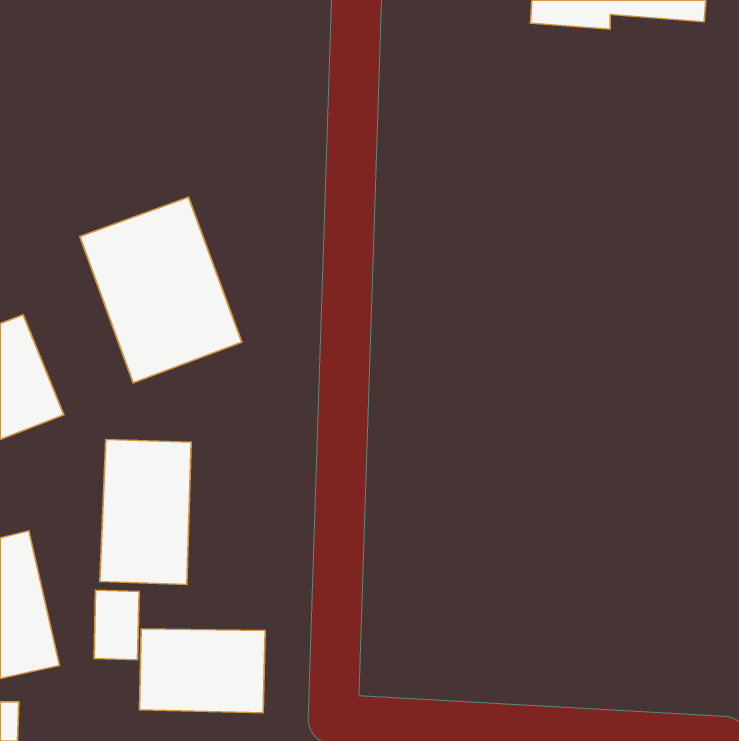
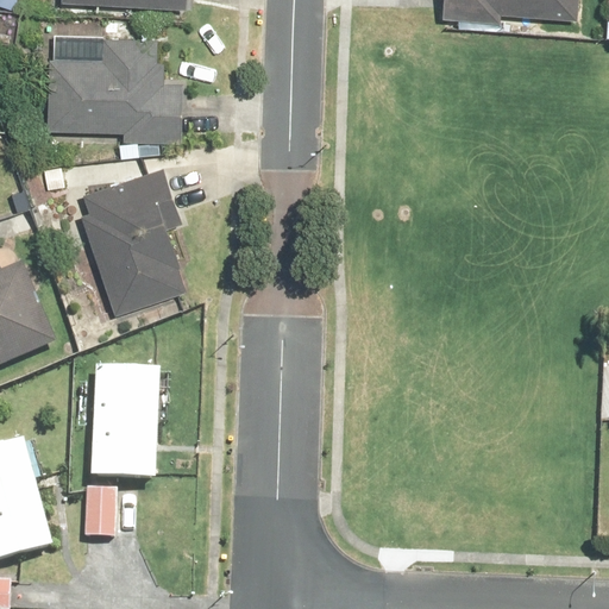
building: none -> [45,33,183,139]
building: [139,629,265,713] -> none

